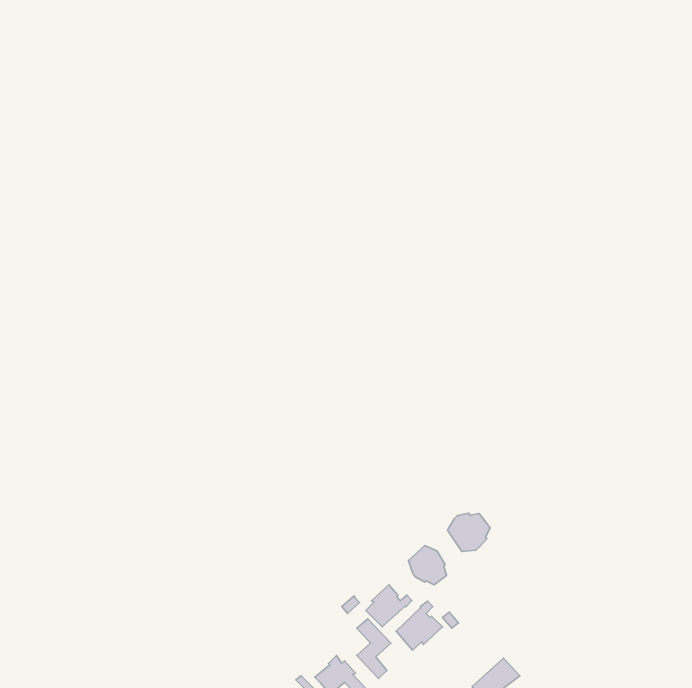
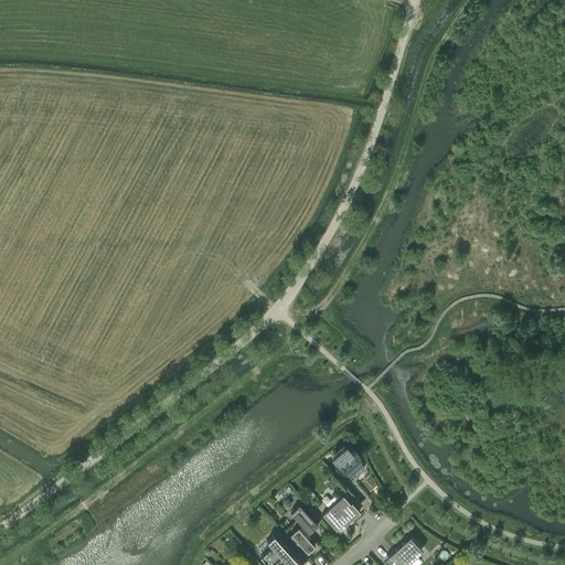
building: [448,513,490,552] -> none
building: [366,585,412,627] -> none

